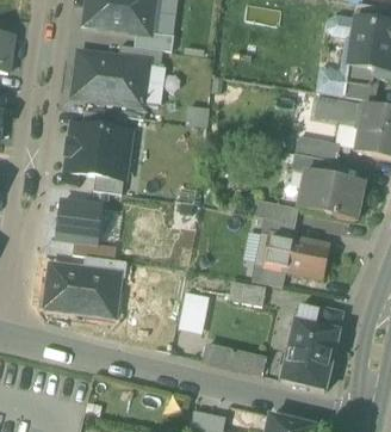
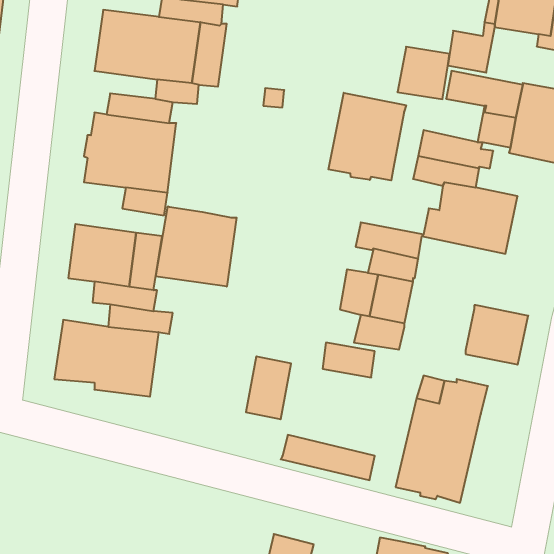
building: [342,64,378,100] -> [397,47,450,99]
building: none -> [328,93,406,180]
building: none -> [156,206,237,287]
building: [286,236,329,277] -> [466,305,528,365]

